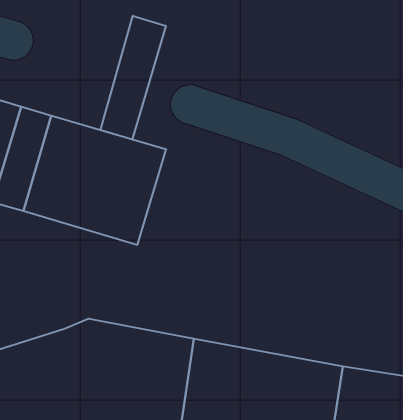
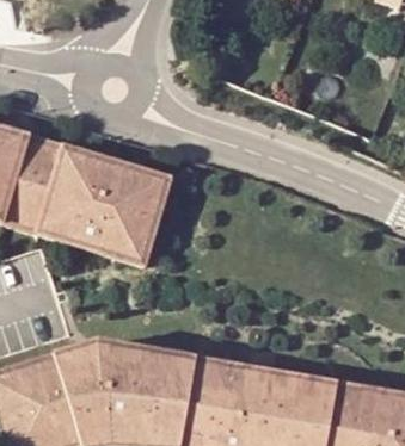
building: [101,16,166,140] -> none

